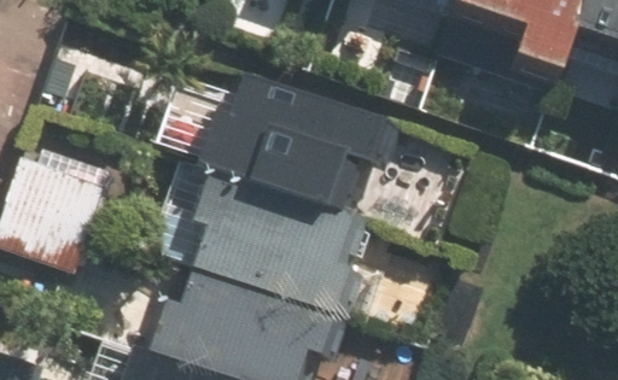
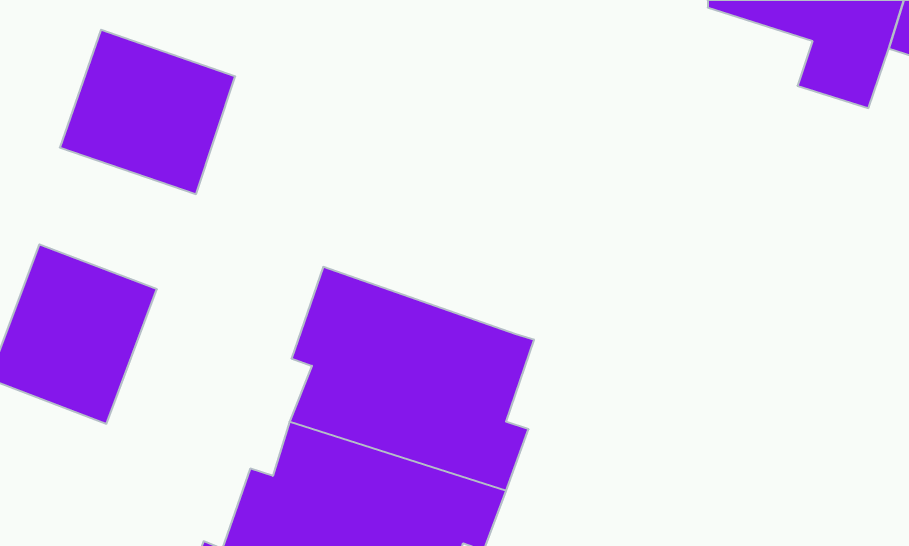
building: [198,80,380,216] -> none

